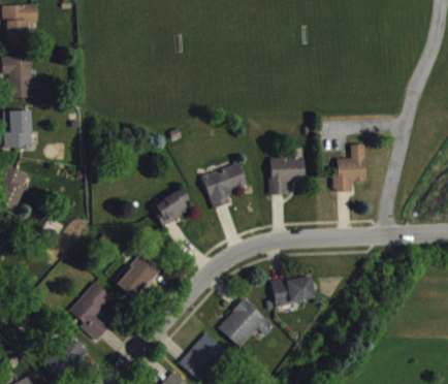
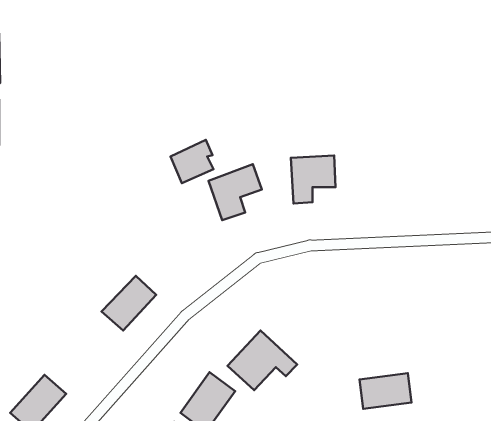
building: [331,145,364,192] -> none
building: [154,188,189,223] -> [170,140,214,183]
building: [271,276,314,305] -> [359,373,412,409]
building: [69,282,110,341] -> none

